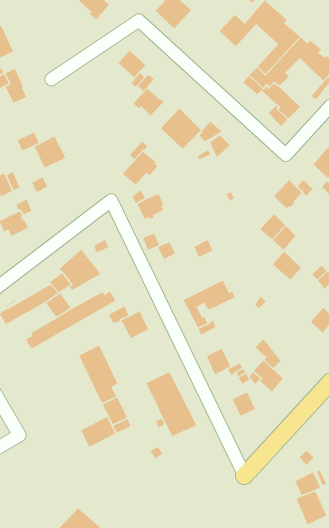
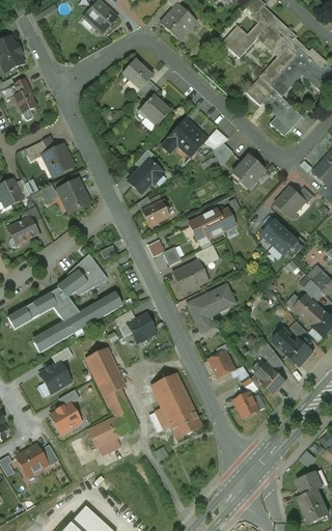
building: none -> [231,155,265,189]
building: none -> [56,177,88,212]
building: none -> [188,207,234,239]
building: [272,251,302,280] -> [295,294,324,323]
building: none -> [172,260,208,292]
building: none -> [273,325,309,360]
building: none -> [39,359,74,394]
building: none -> [50,400,86,437]
building: none -> [16,443,52,478]

